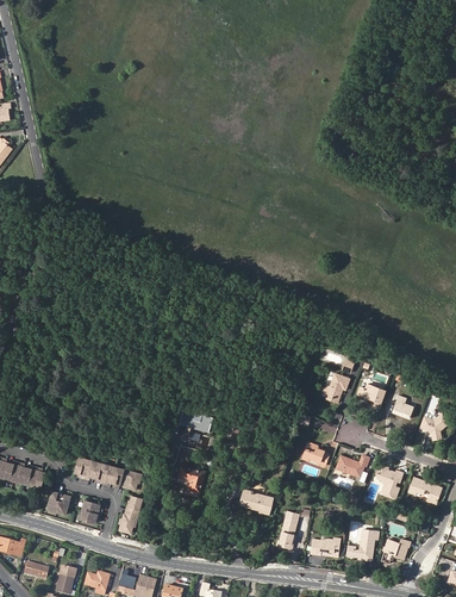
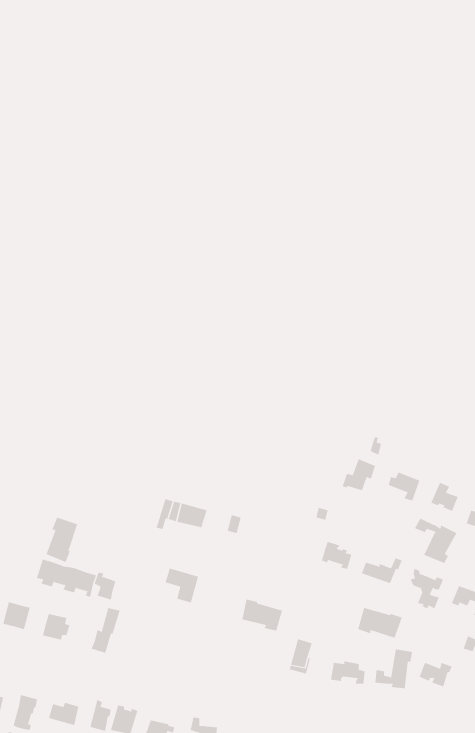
building: none -> [46,517,78,563]
building: none -> [414,518,457,564]
building: none -> [357,607,402,639]

